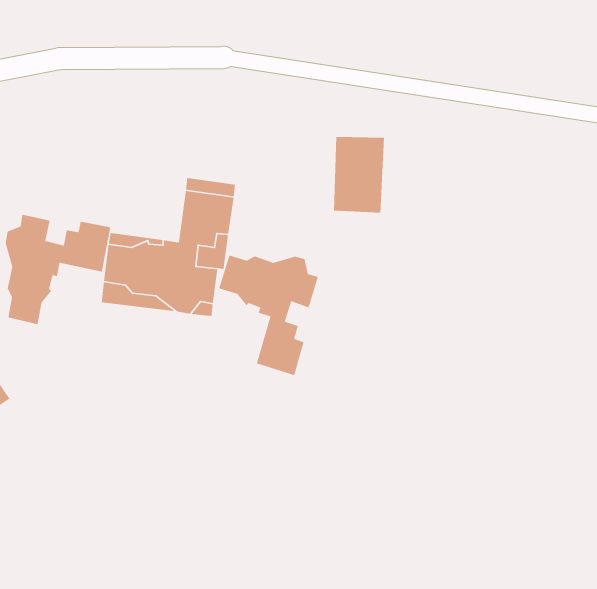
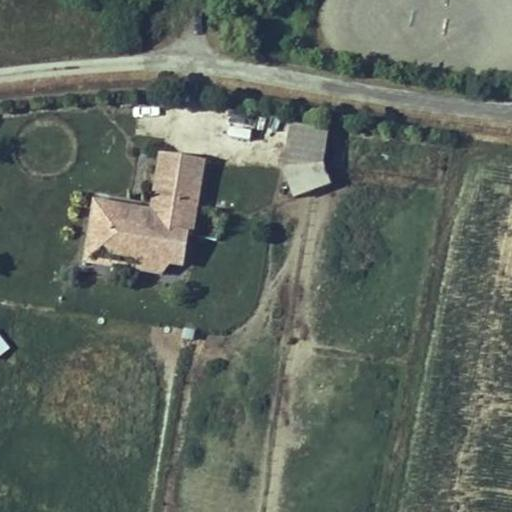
building: [5,214,111,325] -> none
building: [218,255,319,376] -> none

